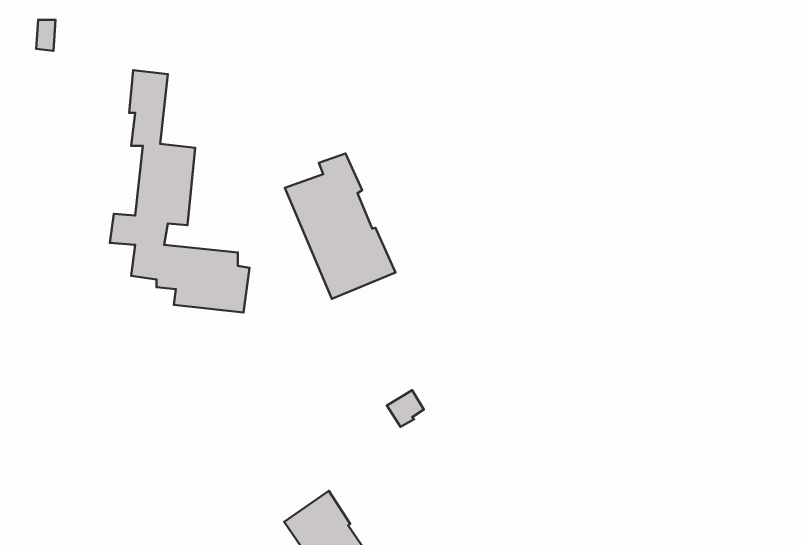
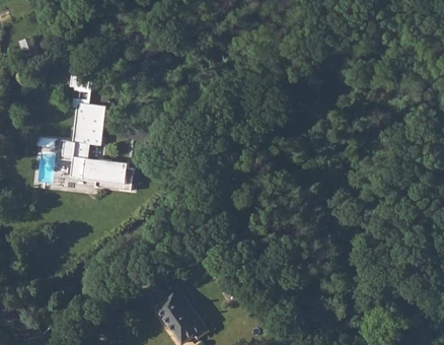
building: [285,153,396,299] -> none

